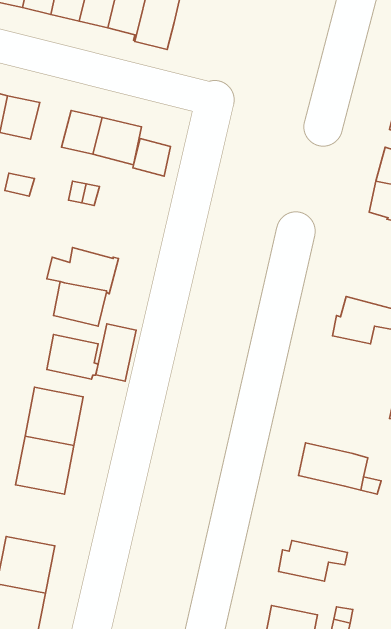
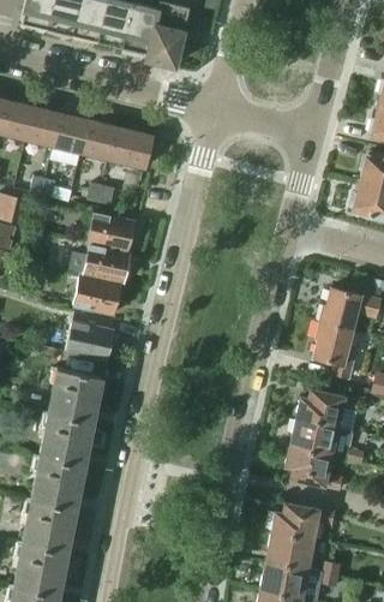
building: none -> [54,113,90,153]
building: [133,138,170,176] -> none
building: none -> [89,210,136,251]
building: [96,324,136,381] -> none
building: none -> [316,320,358,375]
building: none -> [298,387,361,424]
building: none -> [287,443,343,487]
building: none -> [32,452,84,506]
building: none -> [268,529,314,567]

